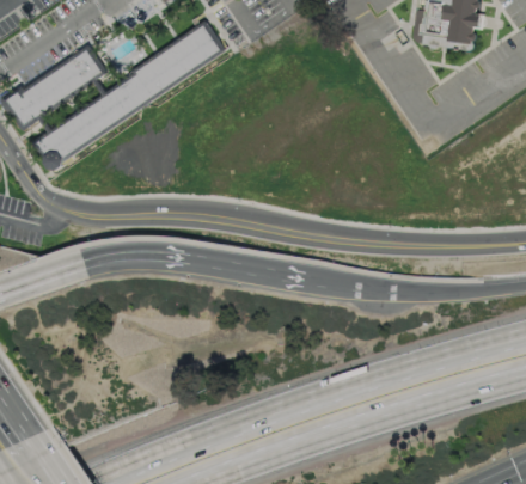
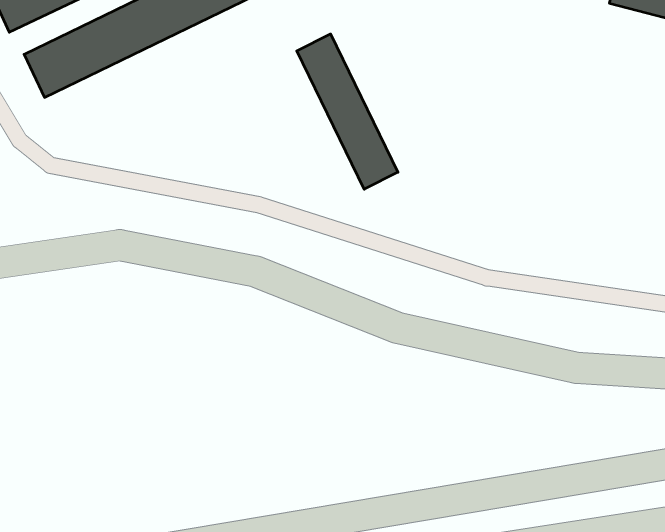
building: none -> [297,34,398,189]

